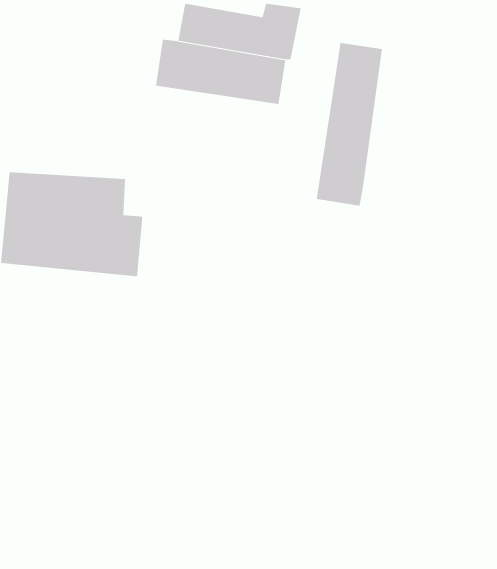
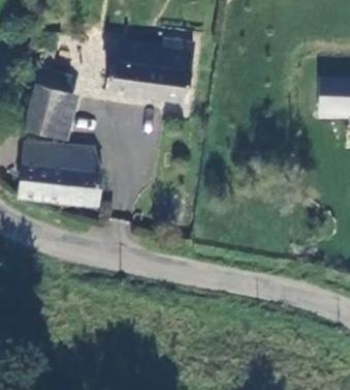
building: [316,42,382,206] -> none
building: none -> [28,67,71,136]

